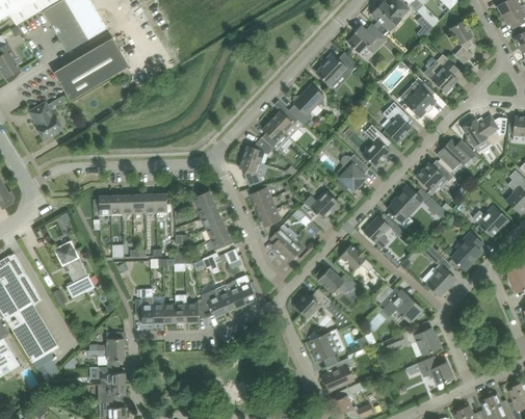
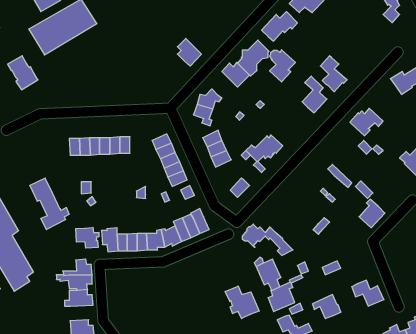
building: [429,54,457,93] -> none
building: [400,82,436,117] -> none
building: [262,120,289,151] -> [177,38,201,66]
building: [437,139,475,171] -> none
building: [340,154,369,190] -> [270,50,295,82]
building: [387,185,423,221] -> none
building: [364,216,390,247] -> none
building: [271,225,297,254] -> none
building: [451,232,482,270] -> none
building: [340,244,373,273] -> none
building: [318,268,357,294] -> none
building: [383,290,422,322] -> none
building: none -> [76,227,99,248]
building: [409,328,441,355] -> [312,295,341,319]
building: none -> [225,286,259,319]
building: [100,384,126,401] -> none

